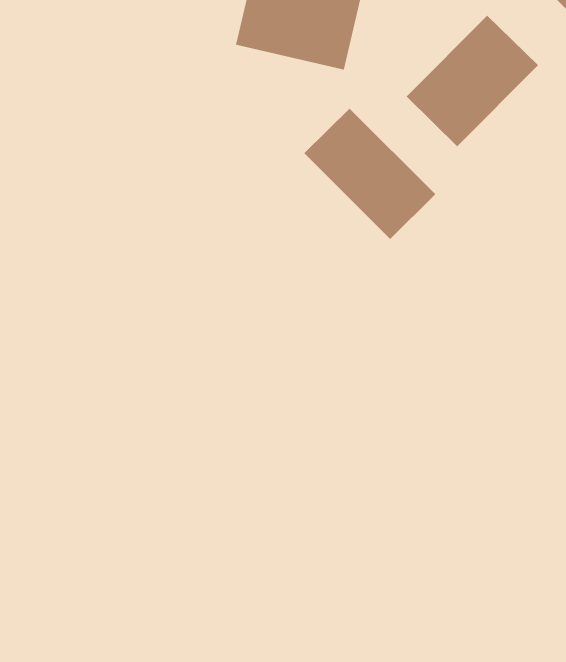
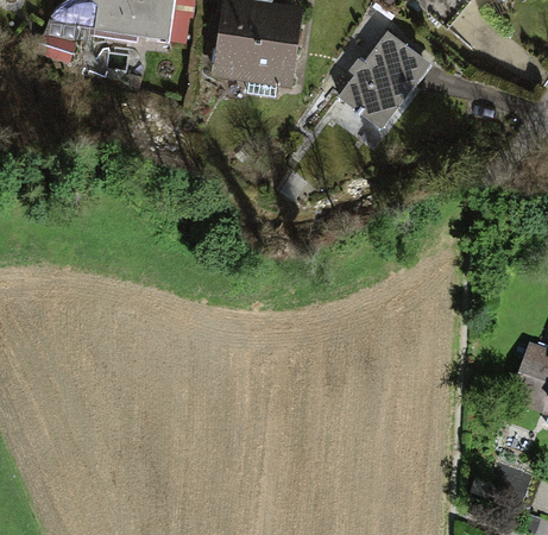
building: [303,108,436,240] -> none

